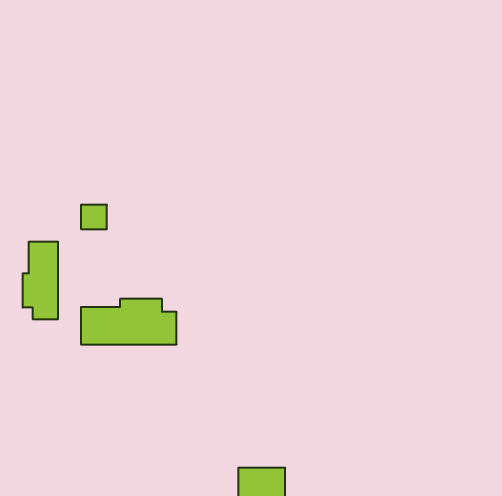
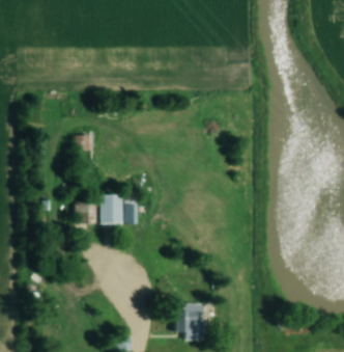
building: [23,242,58,319] -> none

